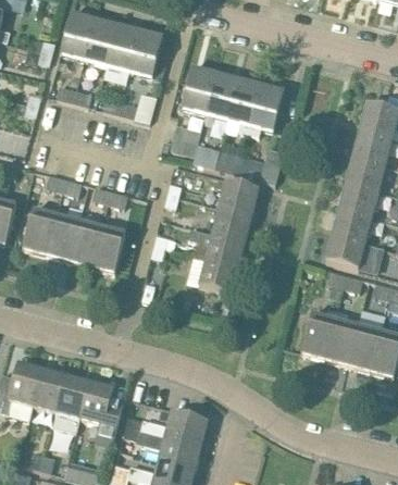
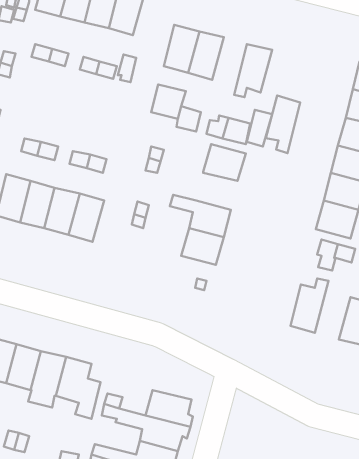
building: [227,78,260,133] -> [266,96,300,153]
building: [212,207,251,241] -> none
building: [324,309,358,364] -> none

